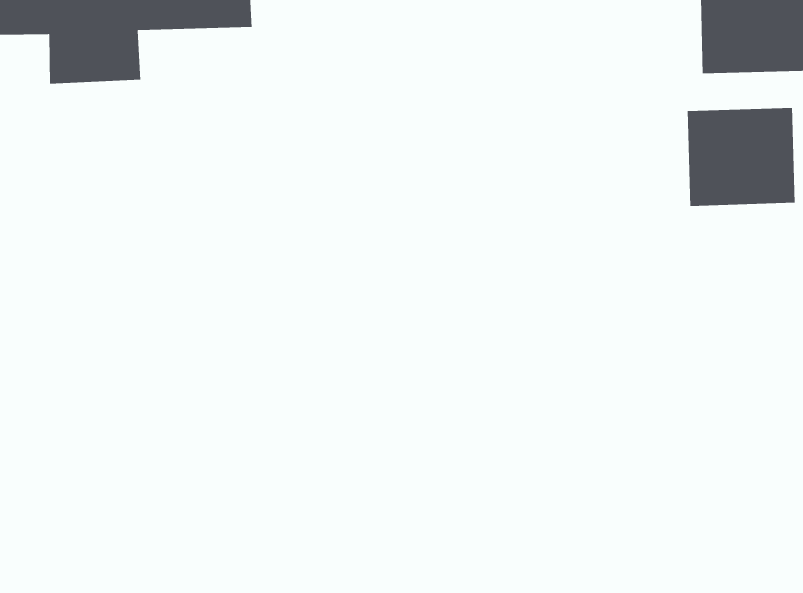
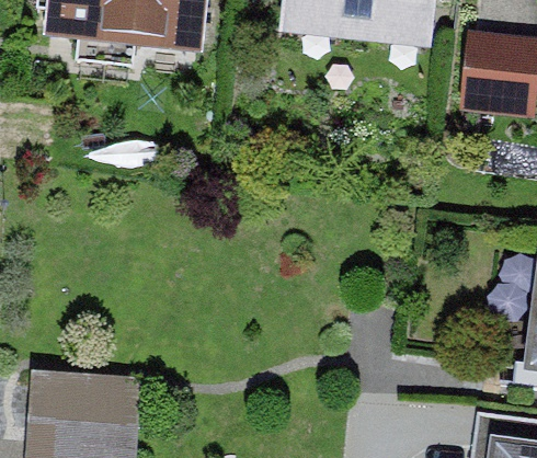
building: [687,107,795,207] -> none

